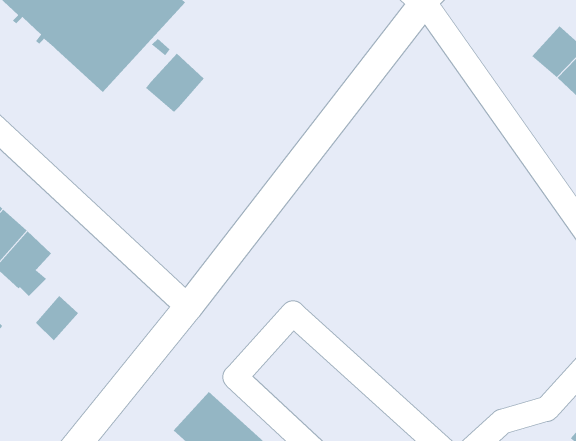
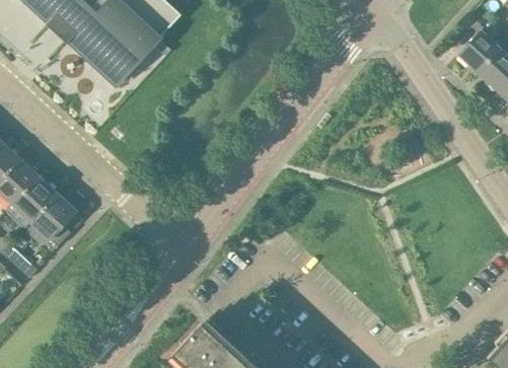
building: [145,53,205,113] -> none
building: [35,295,79,341] -> none

